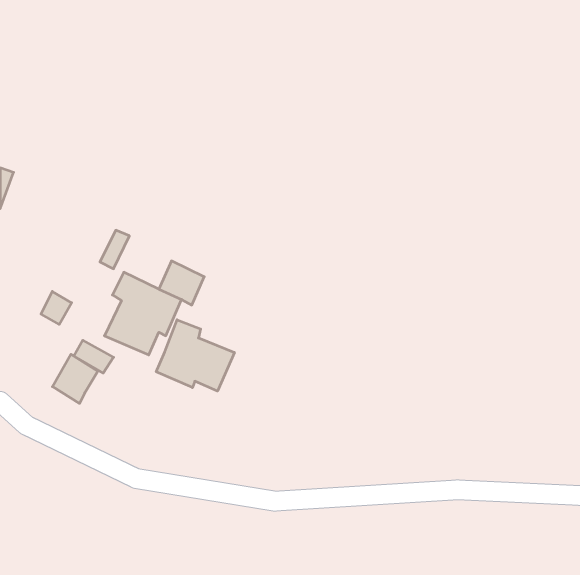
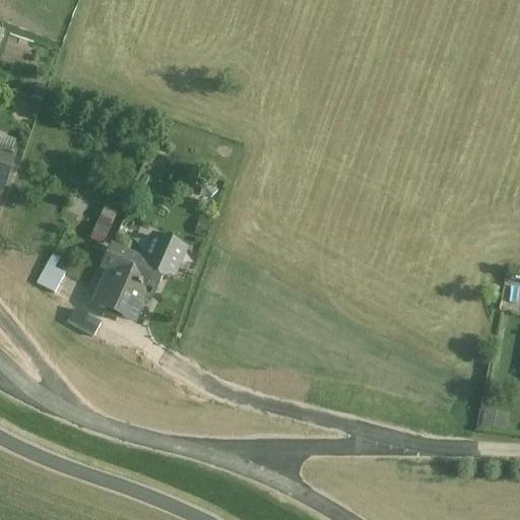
building: [156,320,234,391] -> none
building: [52,354,98,403] -> none

